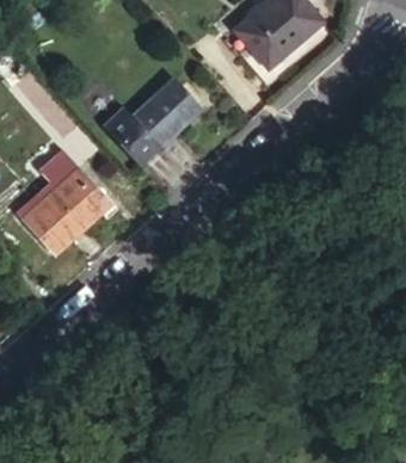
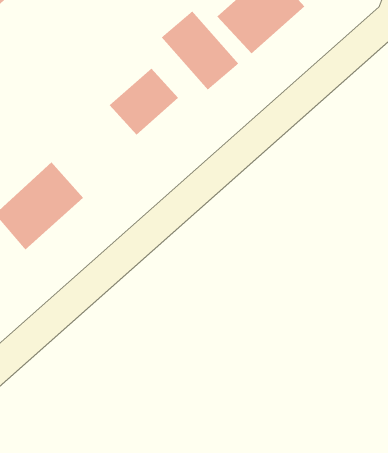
building: none -> [161,11,239,90]
building: [110,115,164,169] -> none

